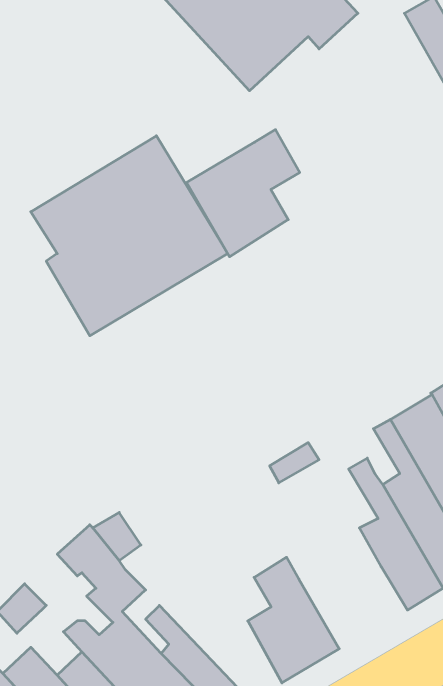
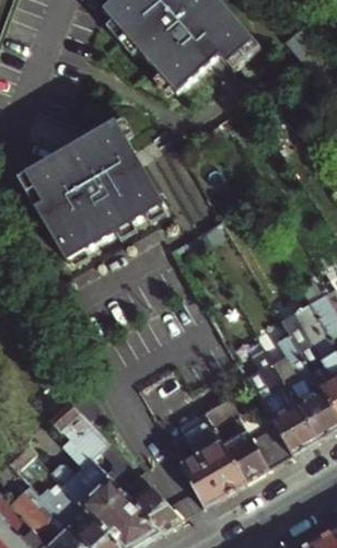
building: [186,130,300,257] -> none
building: none -> [201,398,291,483]

